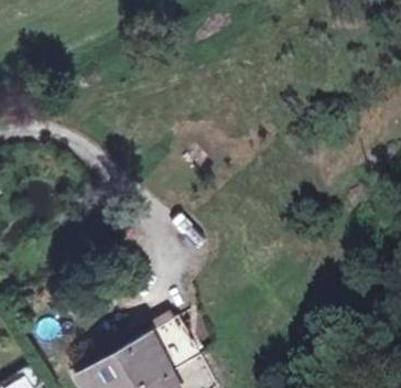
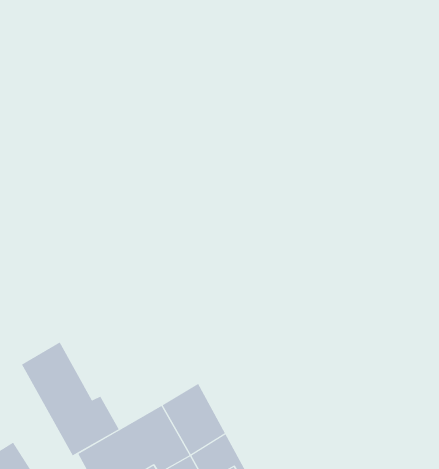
building: none -> [21,341,120,456]

